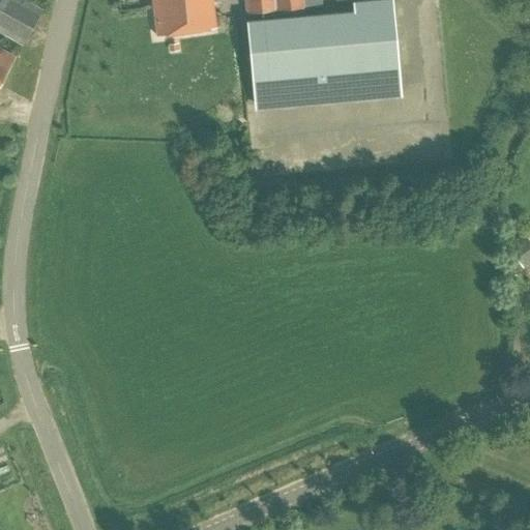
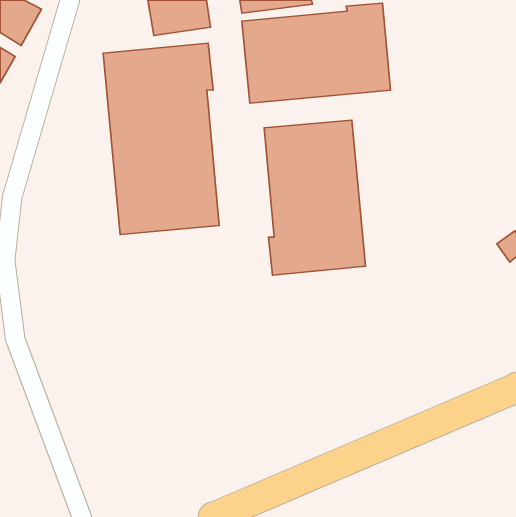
building: none -> [103,43,219,234]
building: none -> [264,120,365,275]

